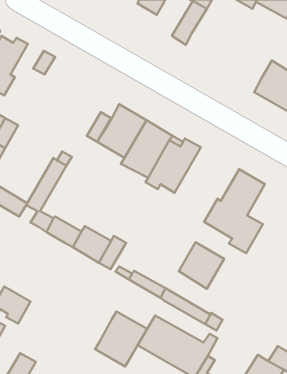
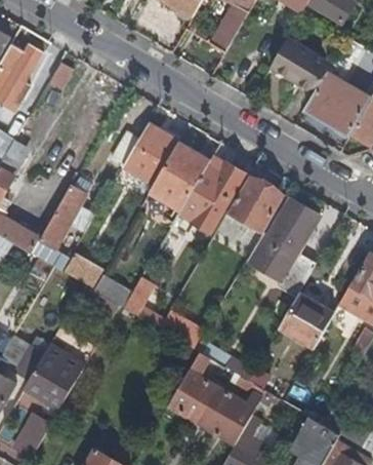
building: none -> [270,38,331,93]
building: none -> [229,177,282,232]
building: [179,242,224,289] -> [280,294,333,348]
building: [95,311,147,367] -> [25,345,85,410]

